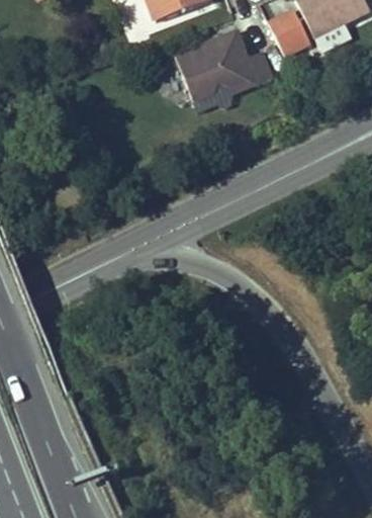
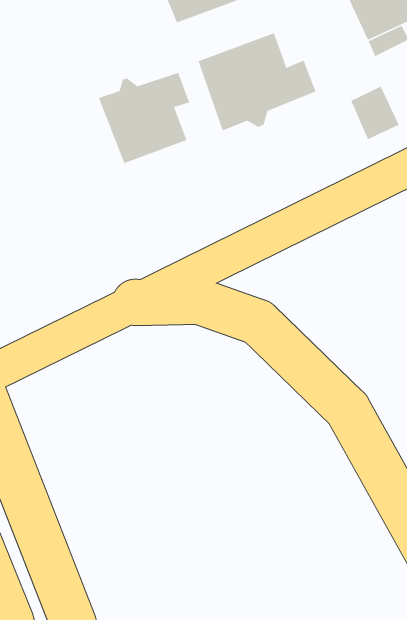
building: [270,9,310,54] -> [350,86,400,140]
building: none -> [98,72,190,164]

